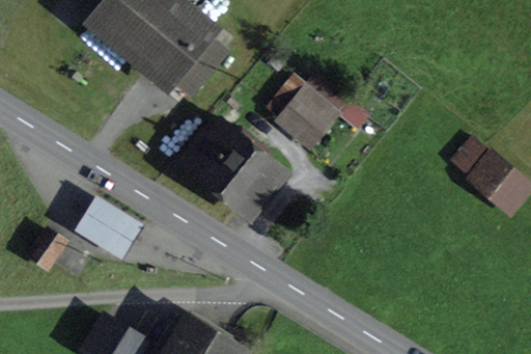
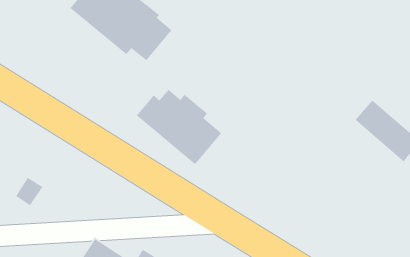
building: [268,77,346,145] -> none
building: [73,196,143,263] -> none

